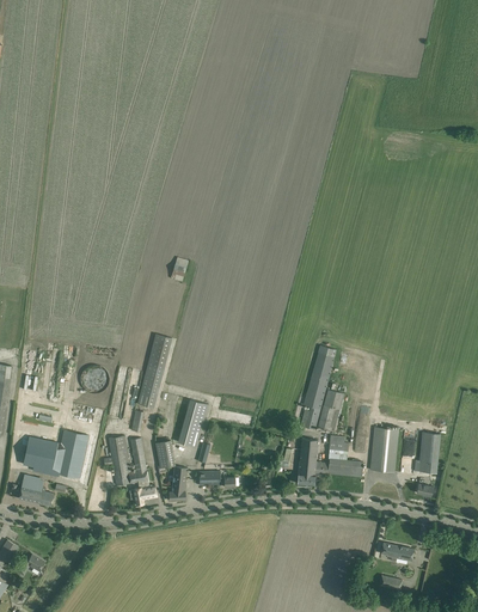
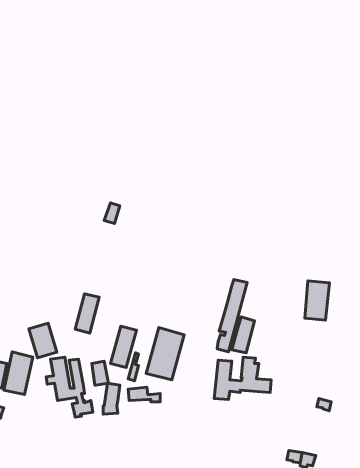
building: none -> [29,323,57,358]
building: none -> [146,327,184,380]
building: [370,427,399,472] -> [305,281,330,320]
building: [413,432,440,472] -> none

